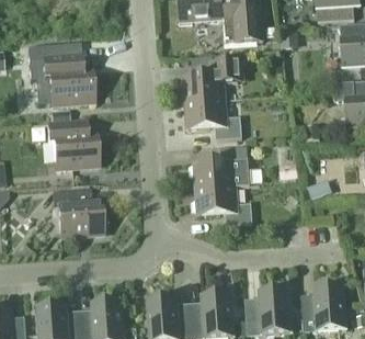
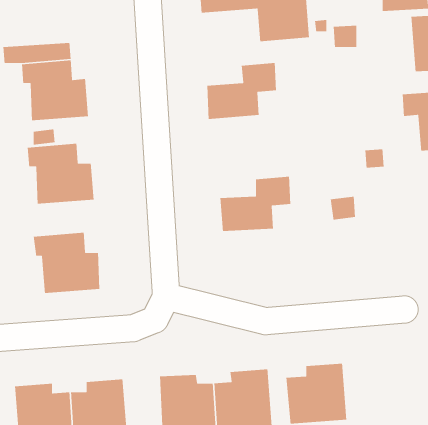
building: [184,99,241,138] -> none
building: [195,185,252,225] -> none
building: [300,284,345,330] -> none

